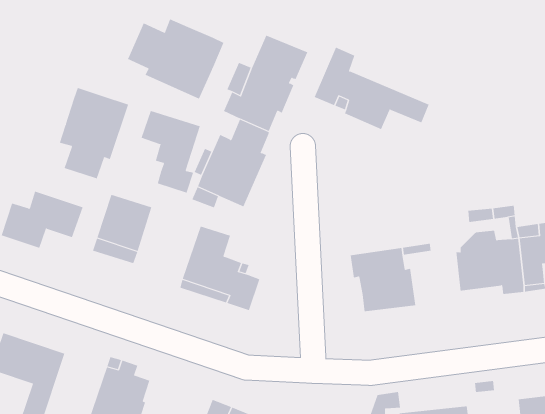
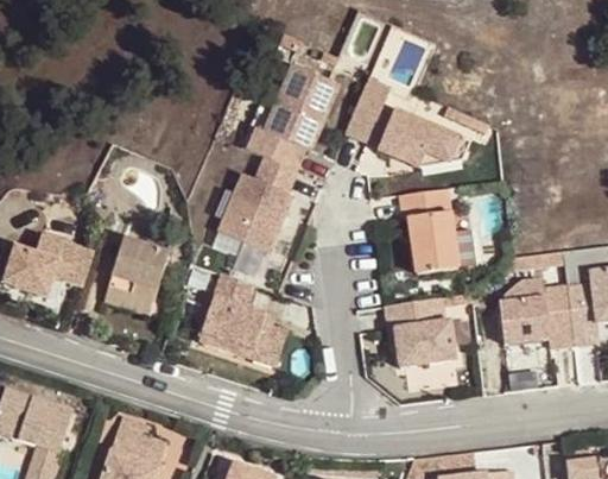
building: [127,18,224,99] -> none
building: [59,87,129,180] -> none
building: [141,110,201,193] -> none
building: none -> [399,187,458,272]

